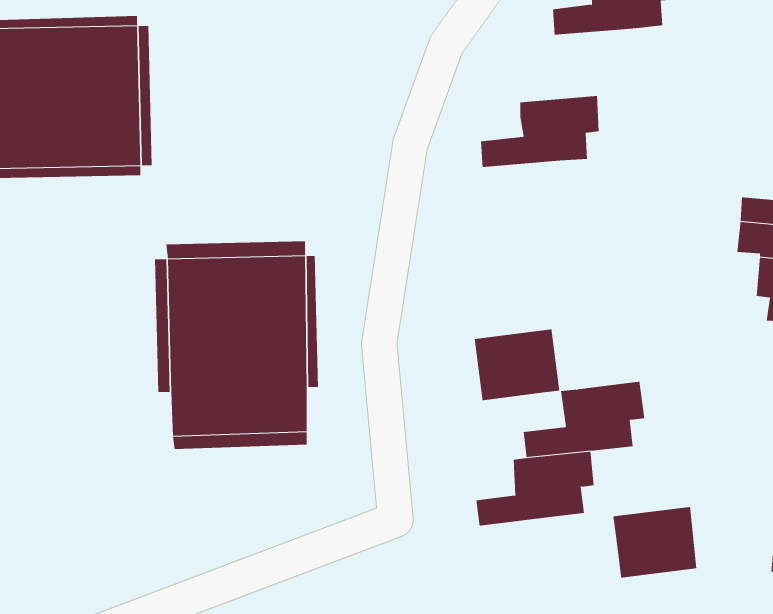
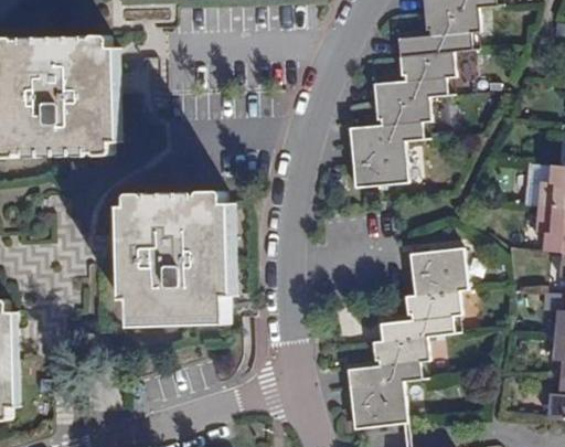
building: none -> [373,49,455,98]
building: none -> [350,138,407,184]
building: [474,329,560,401] -> [408,244,467,292]
building: [612,506,697,578] -> [348,379,405,427]

